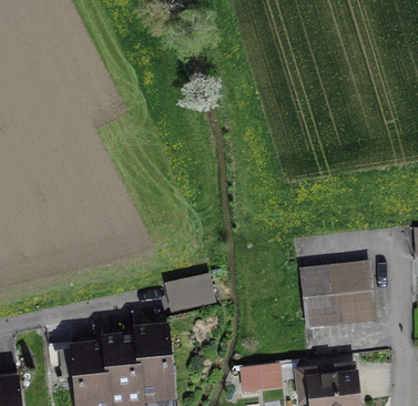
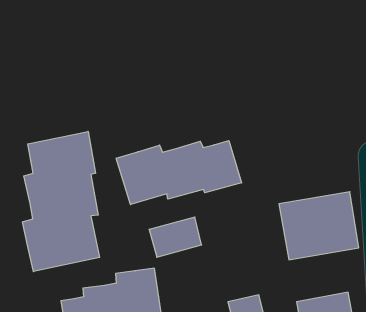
building: none -> [23,131,100,272]
building: none -> [116,141,242,205]

